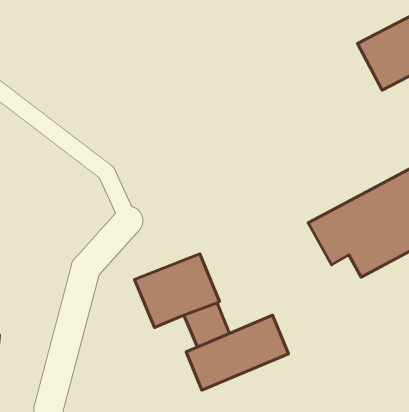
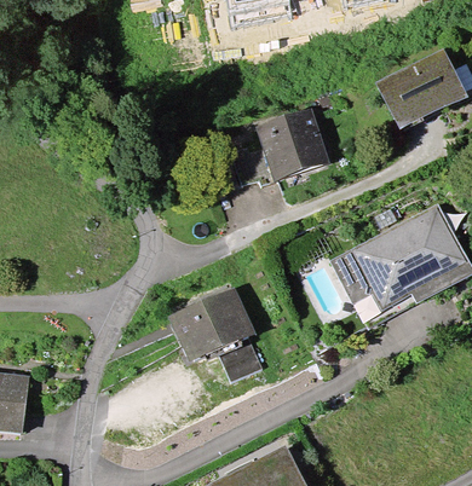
building: none -> [258,112,327,177]
building: [186,315,288,390] -> none

